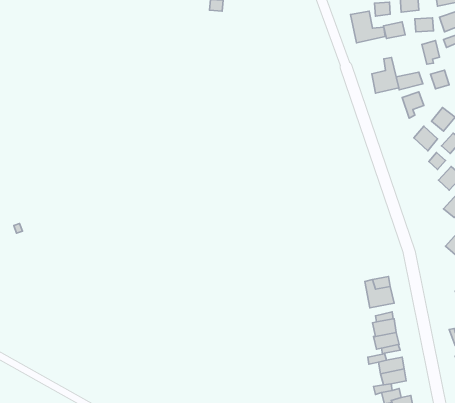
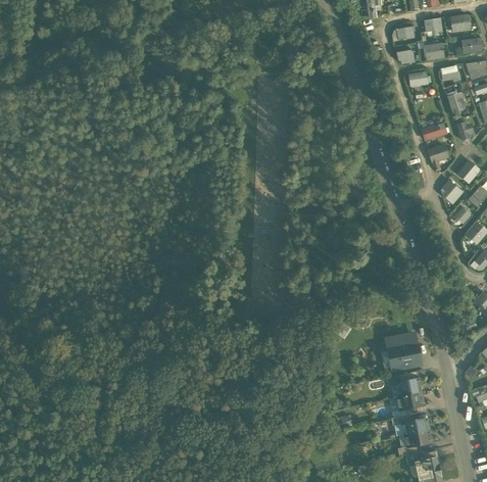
building: [351,11,385,43] -> none
building: [372,58,399,93] -> none

